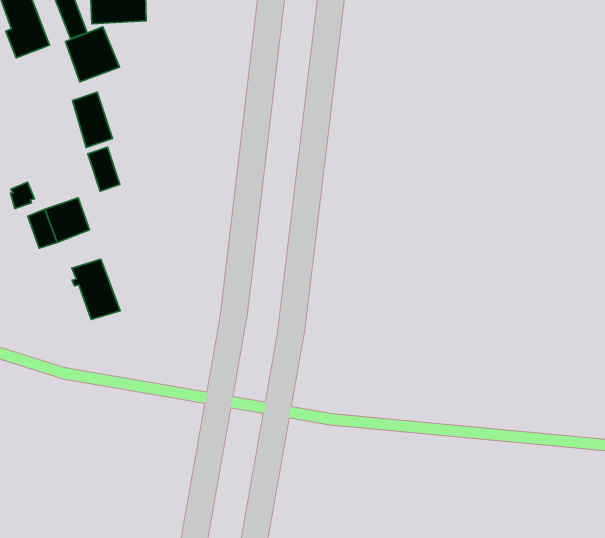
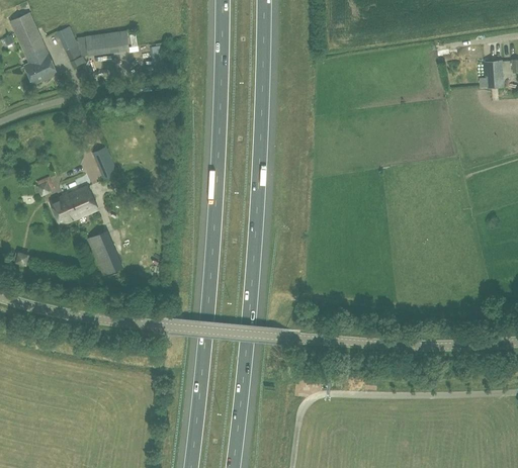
building: [65,27,119,82] -> none
building: [72,92,112,148] -> none

